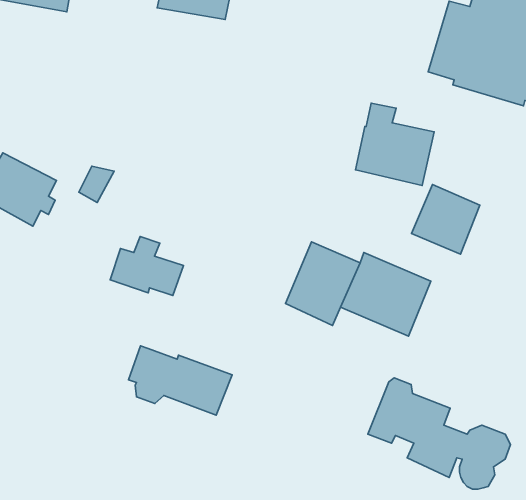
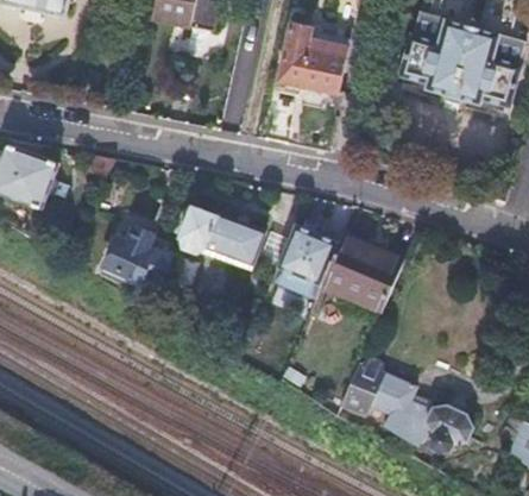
building: [356,103,434,185] -> [278,23,349,98]
building: [411,185,480,254] -> none
building: [129,346,232,415] -> [176,199,270,262]

